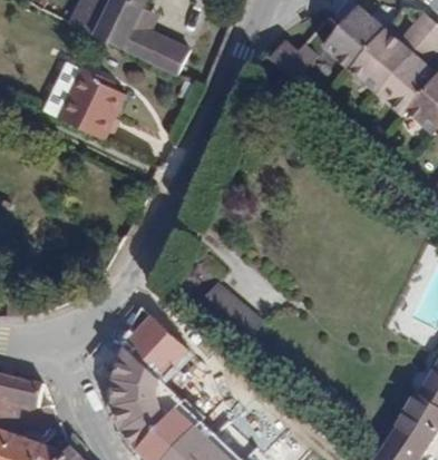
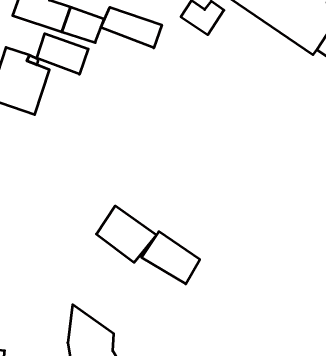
building: none -> [101,7,162,48]
building: none -> [37,34,88,74]
building: [125,313,187,374] -> [96,206,156,262]

